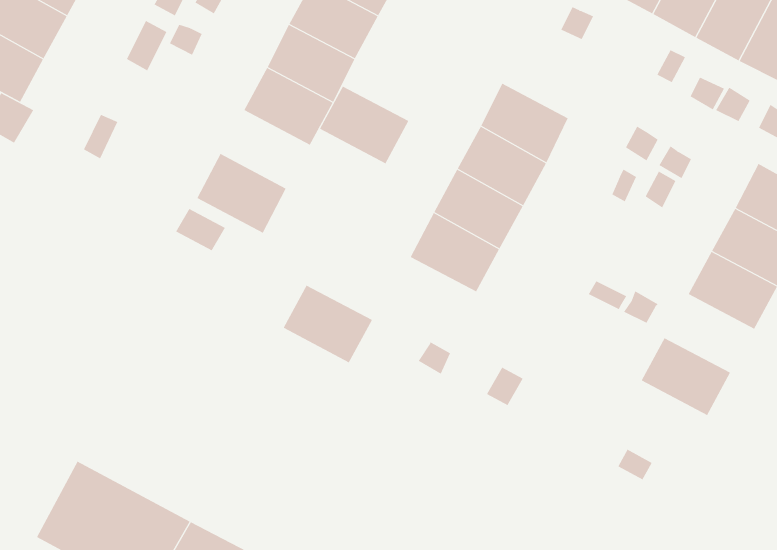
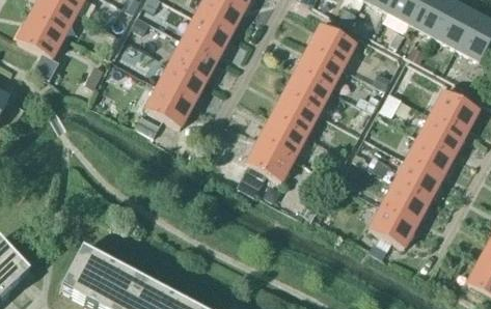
building: none -> [307,24,356,65]
building: [319,86,409,164] -> [158,61,206,103]
building: [283,285,373,363] -> [246,139,294,180]
building: none -> [393,159,441,200]
building: none -> [369,204,416,247]

